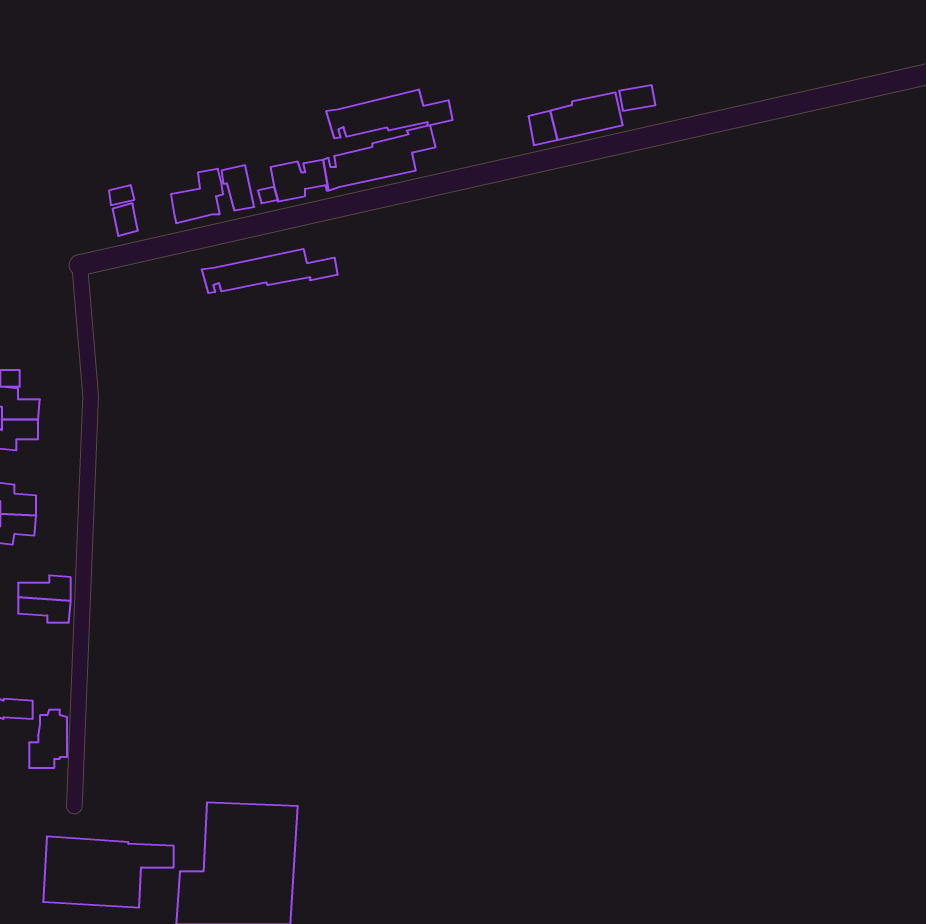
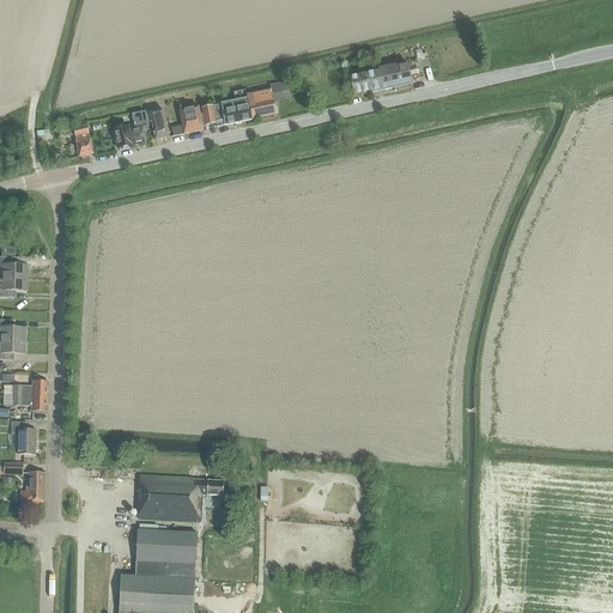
building: [326,89,453,138] -> none
building: [202,249,338,293] -> none
building: none -> [10,421,35,453]
building: [43,837,174,907] -> [136,474,223,521]

